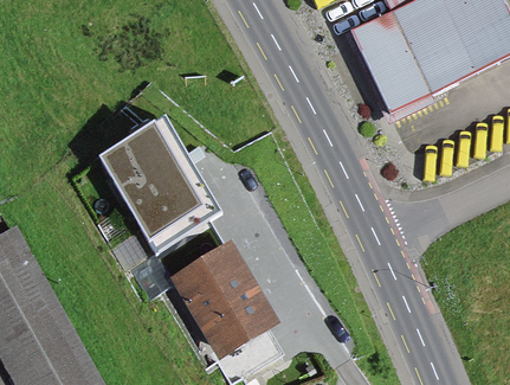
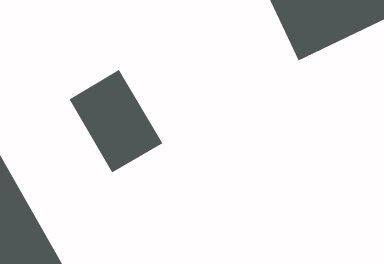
building: [170,243,275,357] -> none

